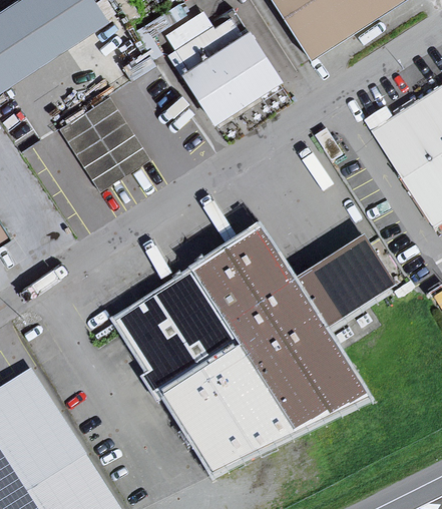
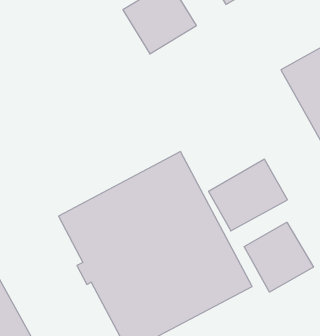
building: none -> [244,222,313,292]

